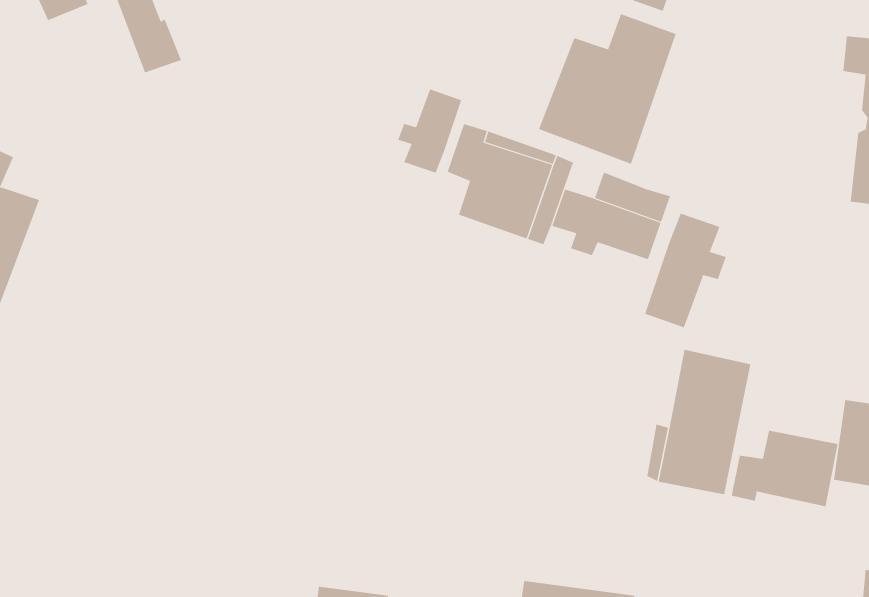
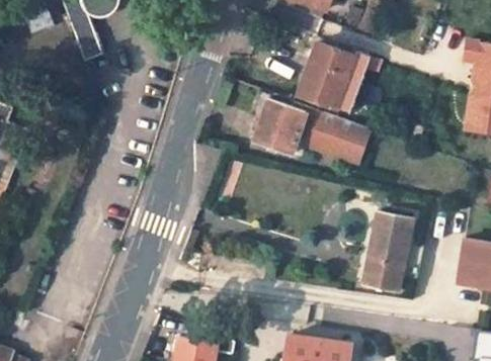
building: [398,88,462,174] -> none
building: [645,213,727,328] -> none
building: [731,430,838,507] -> none

